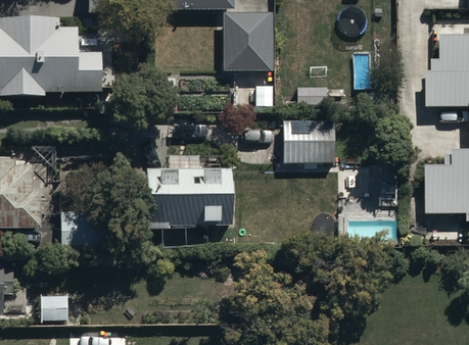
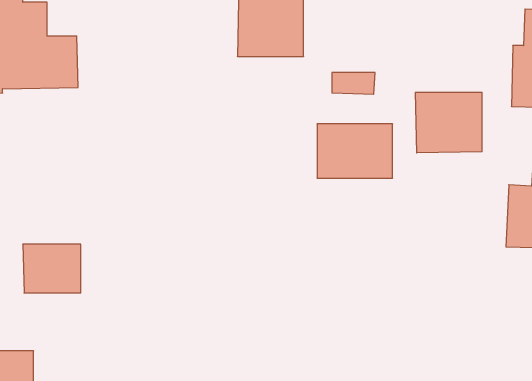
building: none -> [415,92,482,153]
building: [147,151,234,230] -> none

